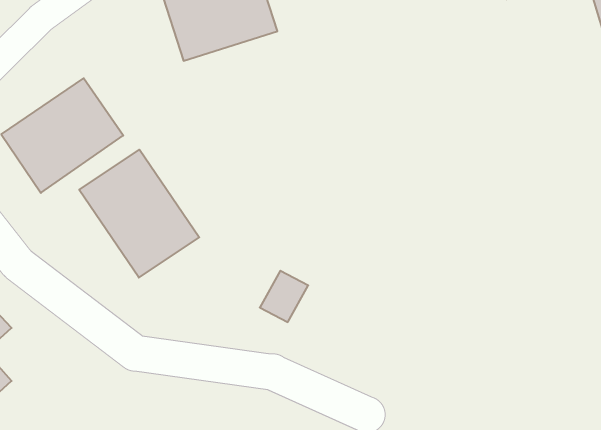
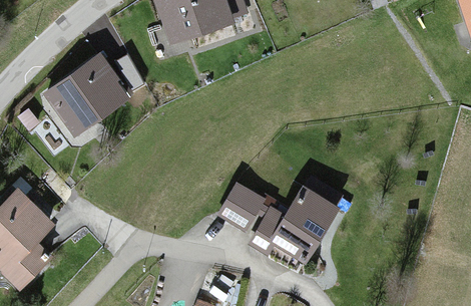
building: [79,150,199,278] -> none
building: none -> [258,179,333,256]

